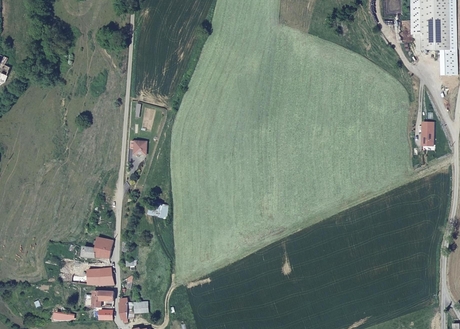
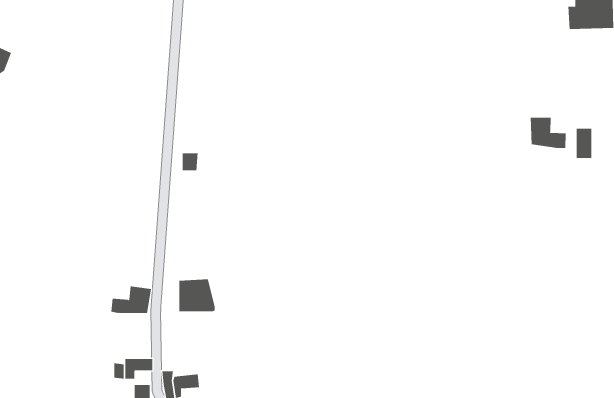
building: none -> [530,117,566,149]
building: [86,261,113,285] -> [178,279,216,312]

